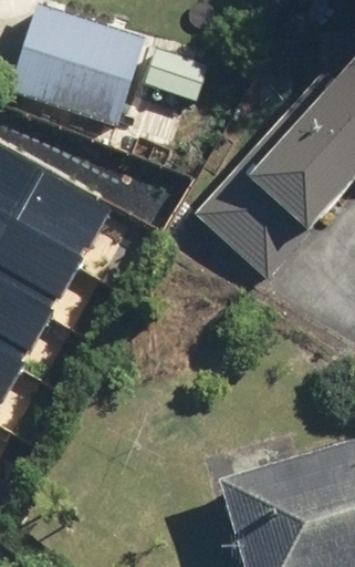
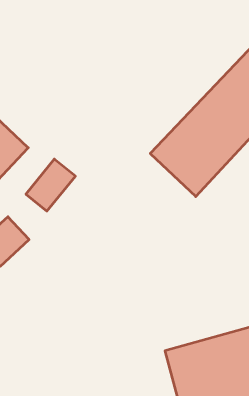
building: [21,14,148,123] -> none

